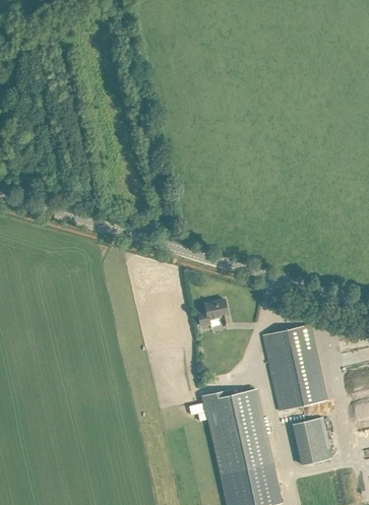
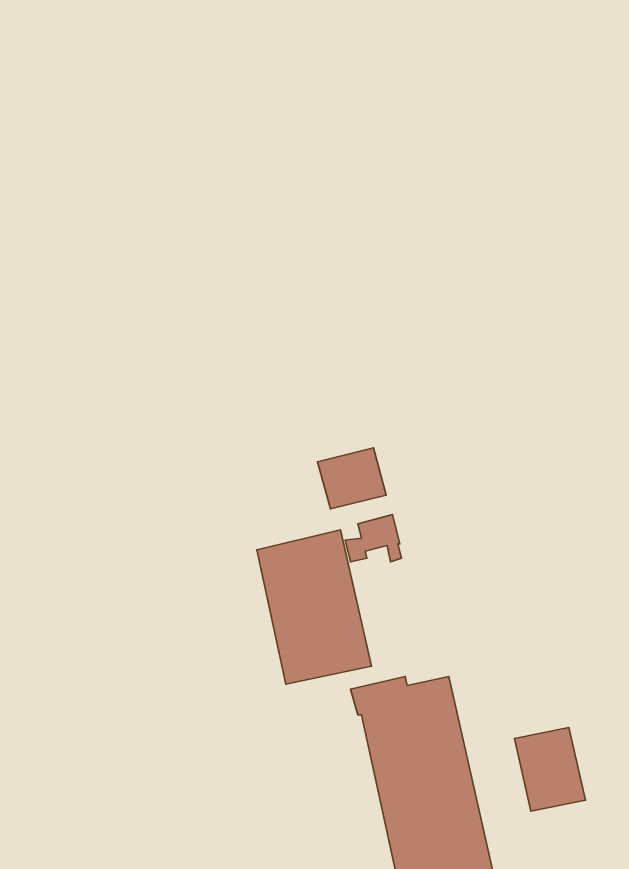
building: none -> [318,448,386,509]
building: [262,324,326,411] -> [257,530,372,684]

